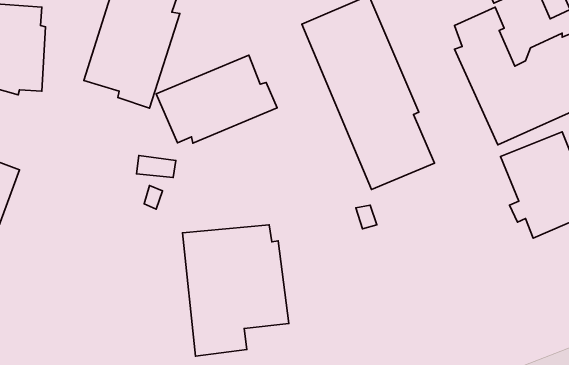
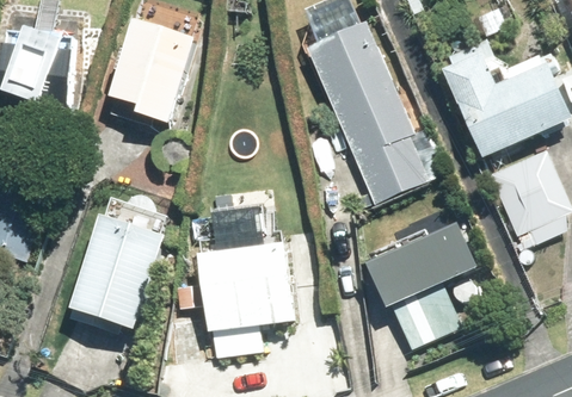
building: [156,55,277,143] -> none
building: none -> [70,215,164,330]
building: none -> [368,231,481,345]

